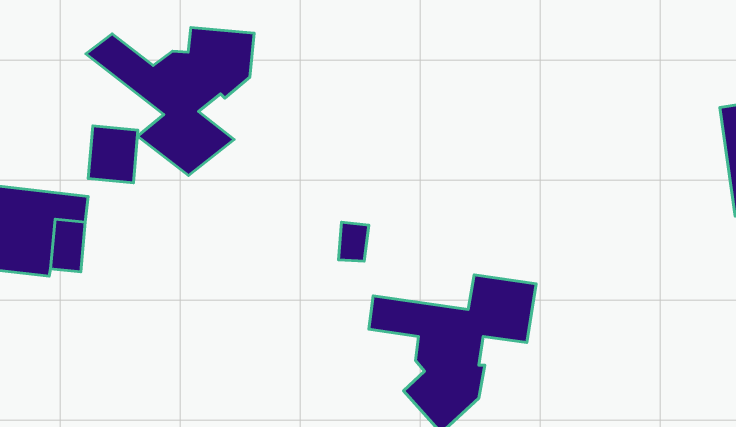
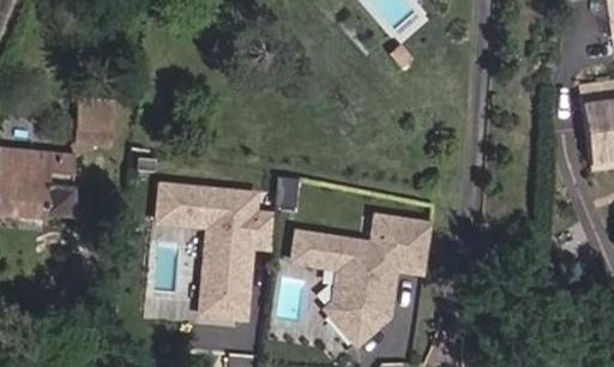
building: [86,27,254,175] -> none
building: none -> [156,187,273,320]

